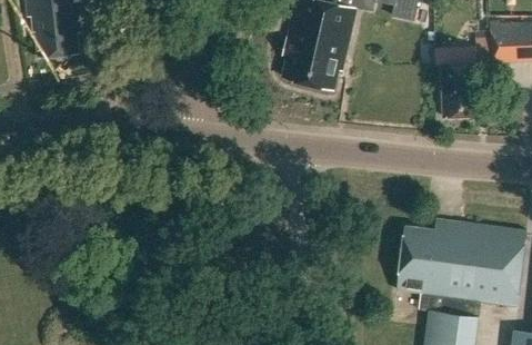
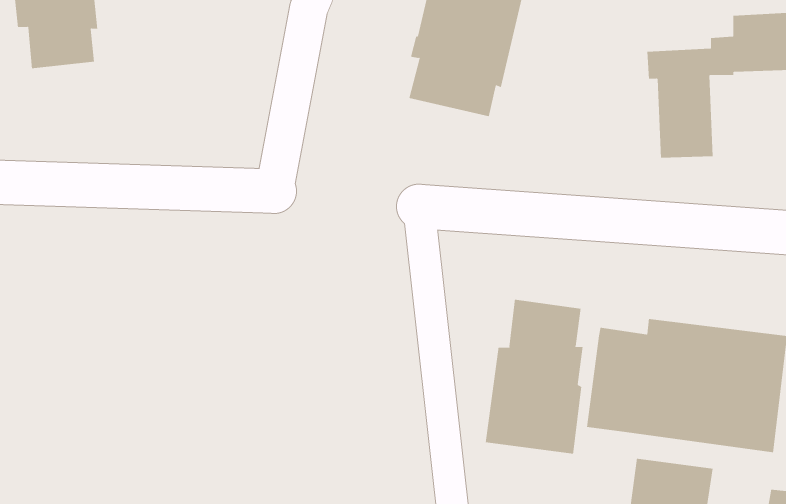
building: none -> [485,299,583,454]

